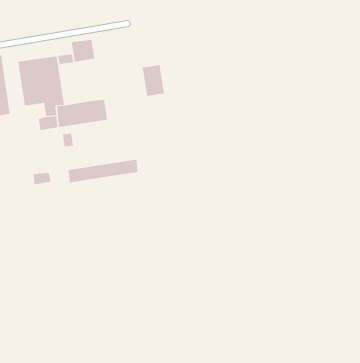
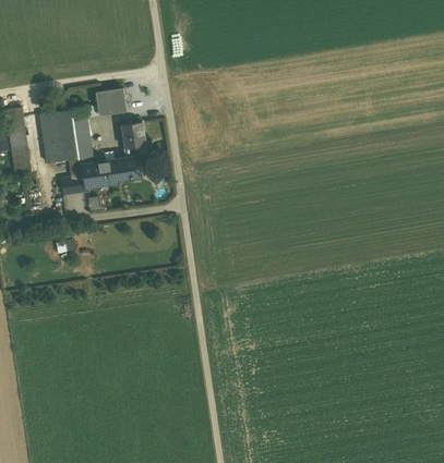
building: [142,64,165,96] -> [120,122,146,158]
building: [68,159,138,183] -> none

